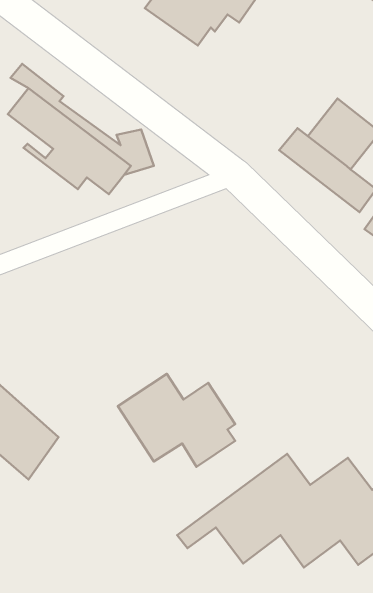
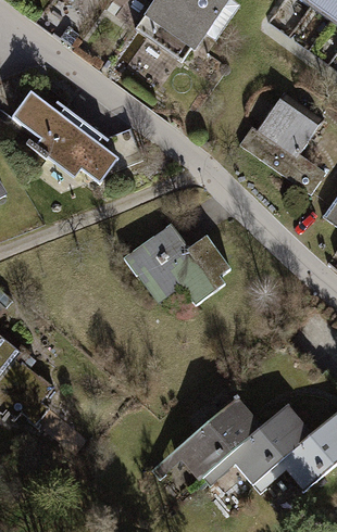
building: [118,374,235,467] -> [135,228,234,306]

